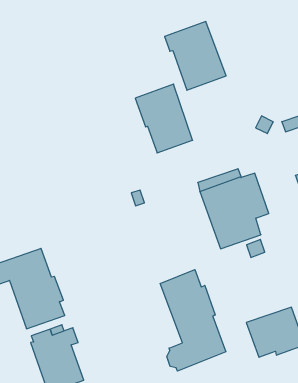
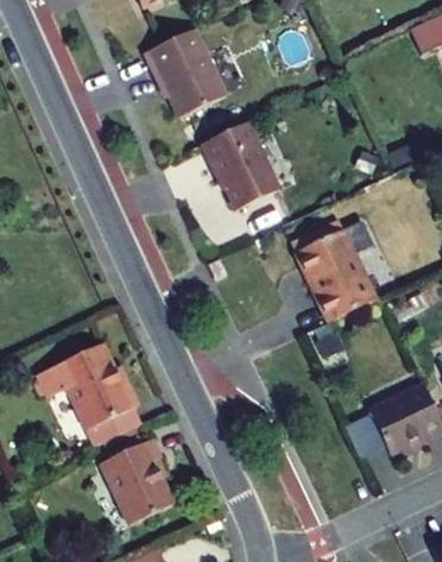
building: [165,22,226,90] -> [144,30,226,118]
building: [160,270,226,371] -> none

